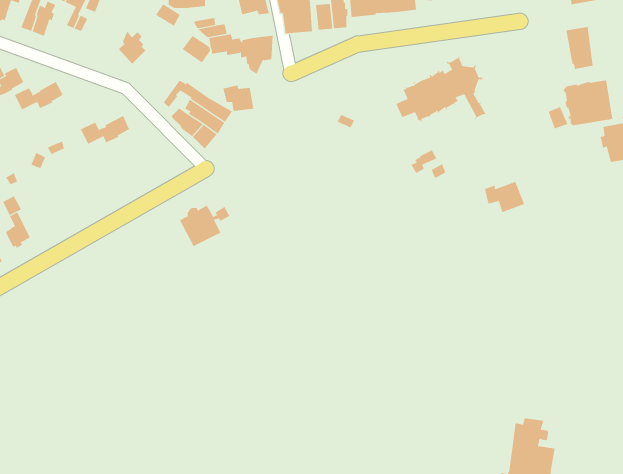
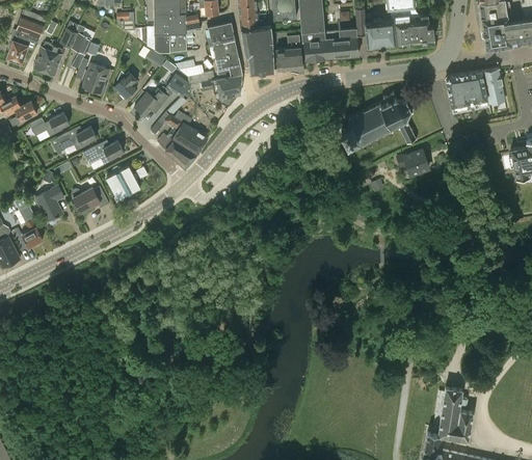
building: none -> [82,62,109,93]
building: none -> [134,89,169,116]
building: [562,80,613,126] -> [444,71,485,108]
building: [223,85,254,112] -> [215,55,241,77]
building: none -> [54,127,97,153]
building: none -> [34,186,63,224]
building: none -> [72,186,109,213]
building: [484,181,525,213] -> [396,150,429,175]
building: [179,205,230,247] -> [106,165,148,199]

